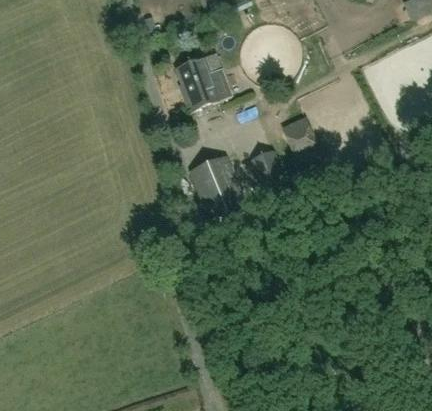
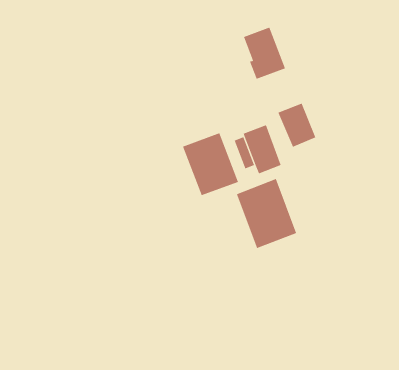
building: [177,55,220,108] -> [243,27,286,79]
building: none -> [236,178,297,249]

